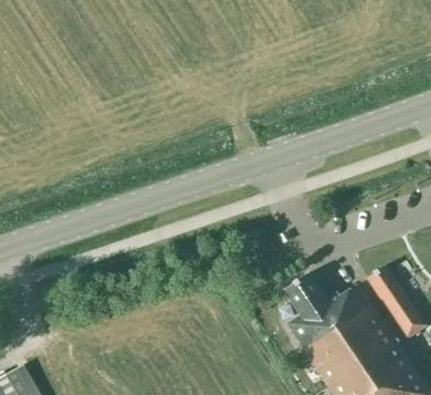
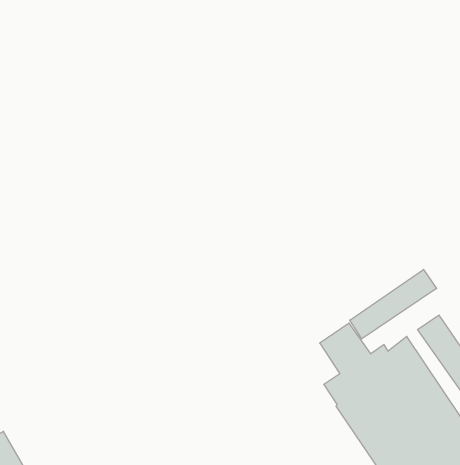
building: none -> [350,269,437,339]

